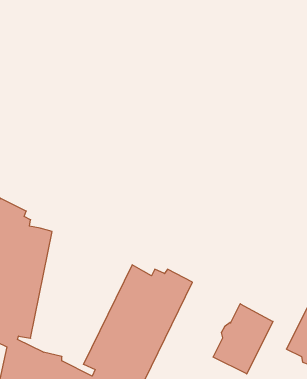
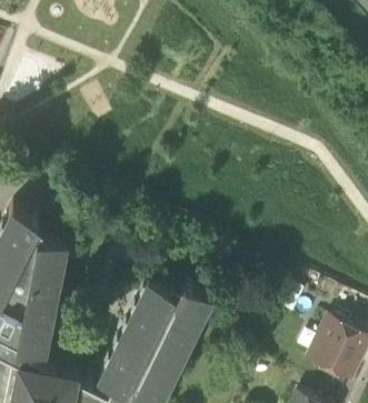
building: [213,304,273,374] -> none

